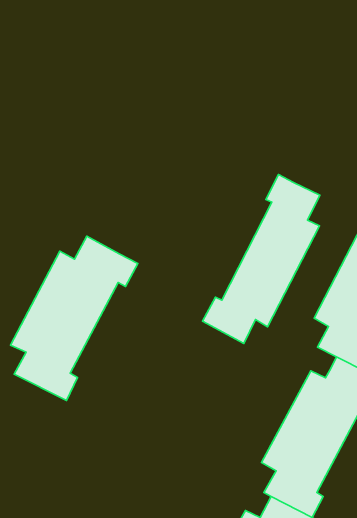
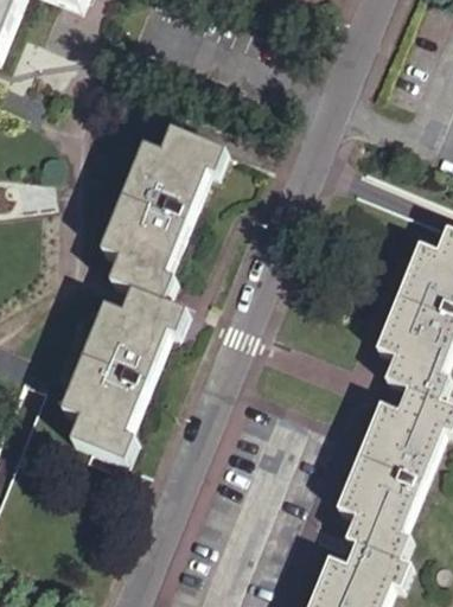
building: none -> [97,124,224,300]
building: [202,175,320,344] -> none

